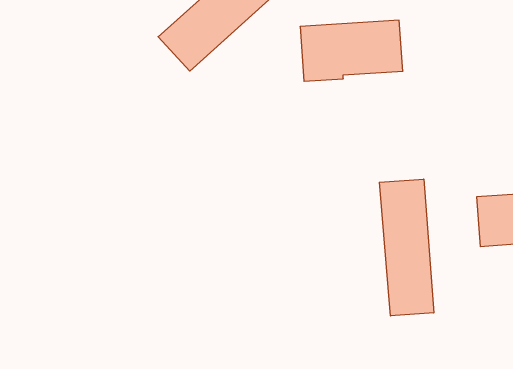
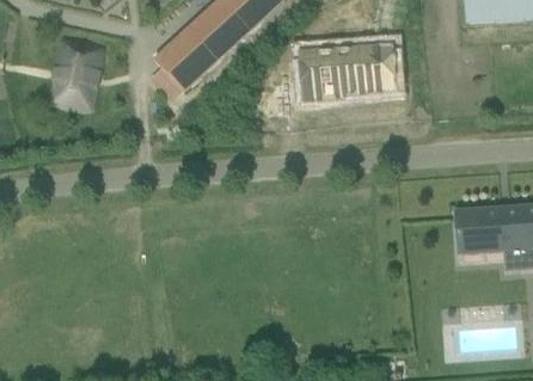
building: none -> [51,36,103,109]
building: [379,179,434,316] -> none

